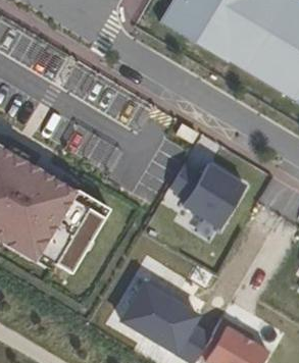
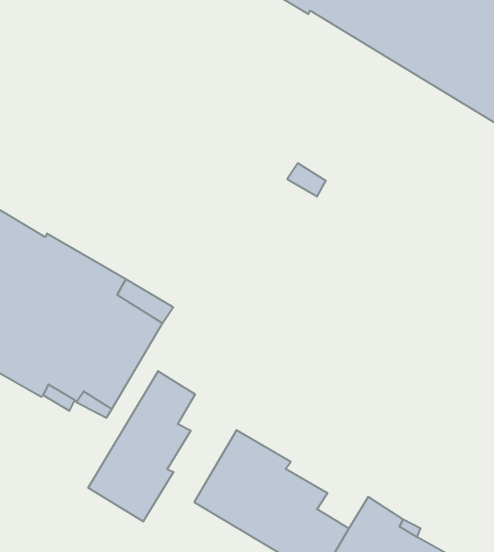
building: [170,162,246,226] -> none
building: none -> [88,371,195,522]

